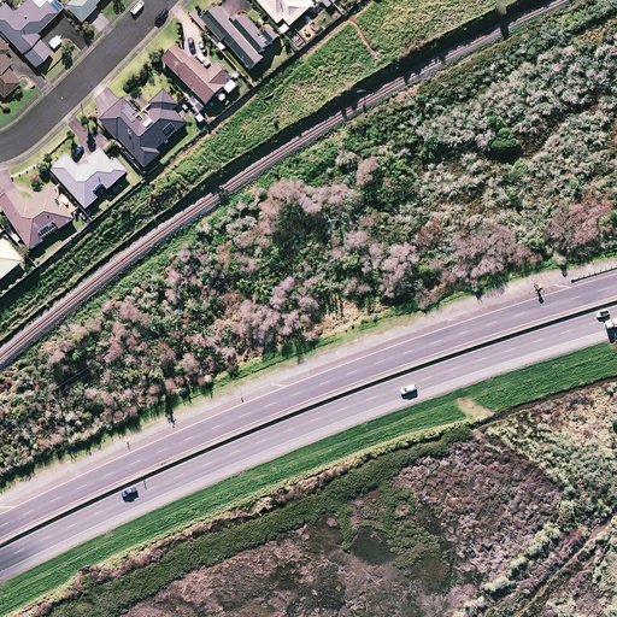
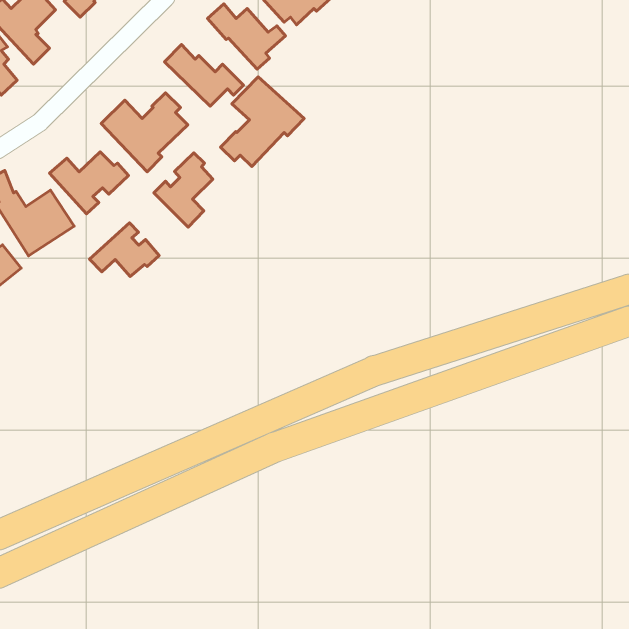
building: none -> [220,77,304,167]
building: none -> [154,153,213,227]
building: none -> [90,223,159,277]

